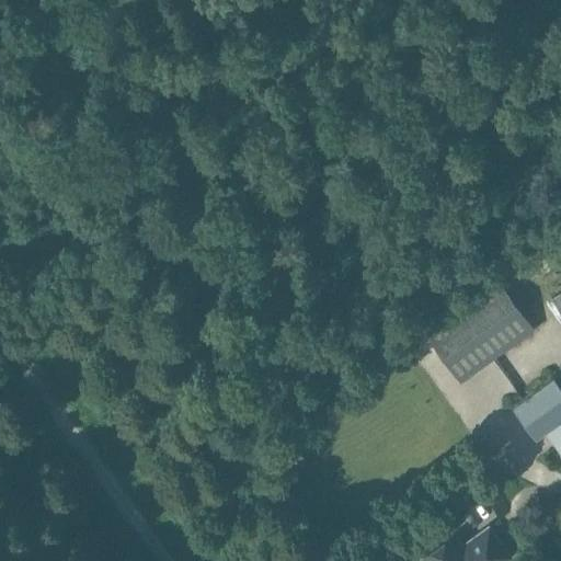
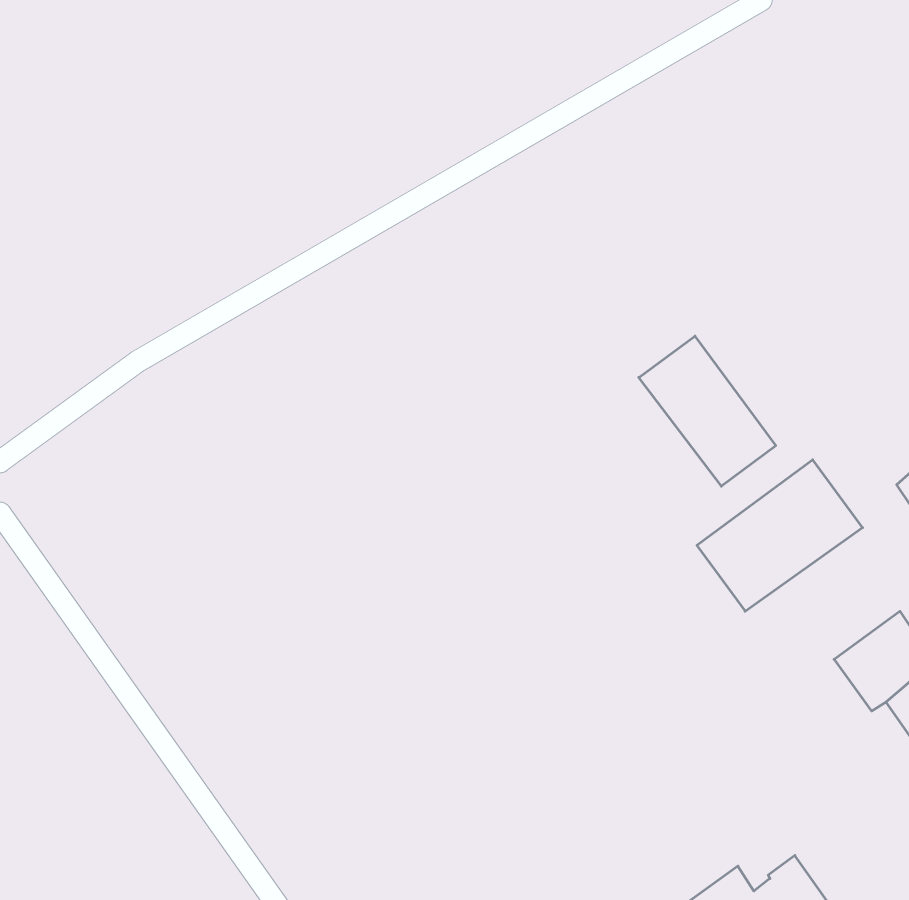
building: none -> [639,336,776,486]

